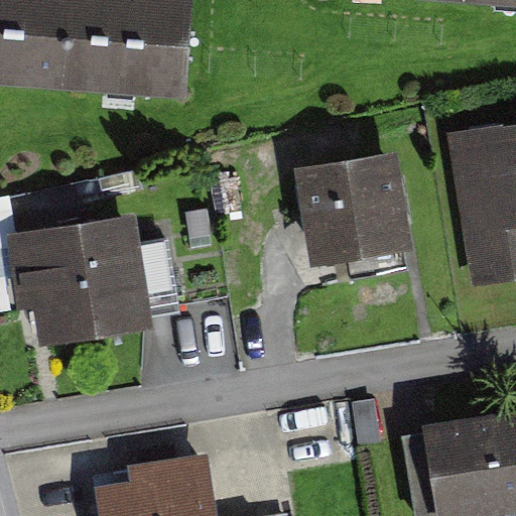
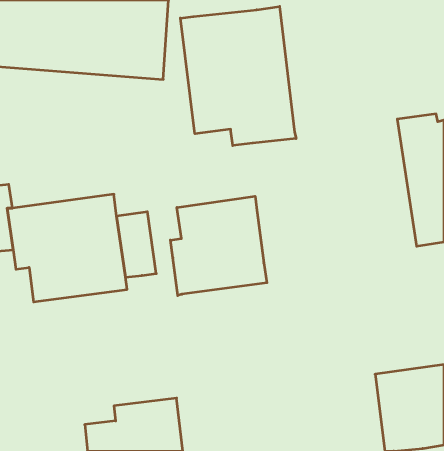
building: none -> [180,6,296,146]
building: [300,160,407,280] -> none
building: none -> [170,196,267,296]

